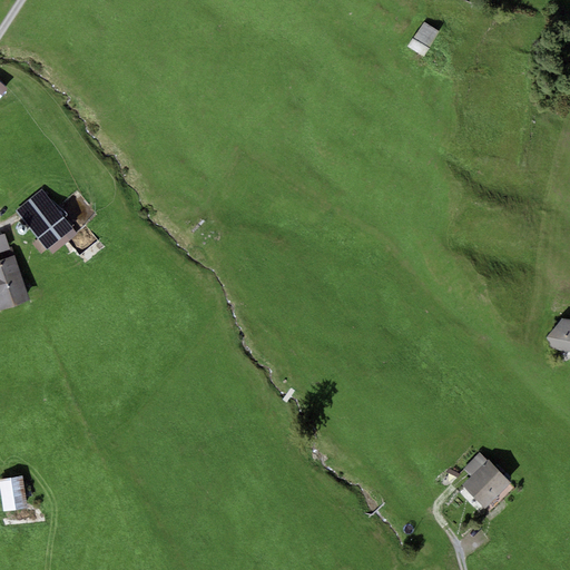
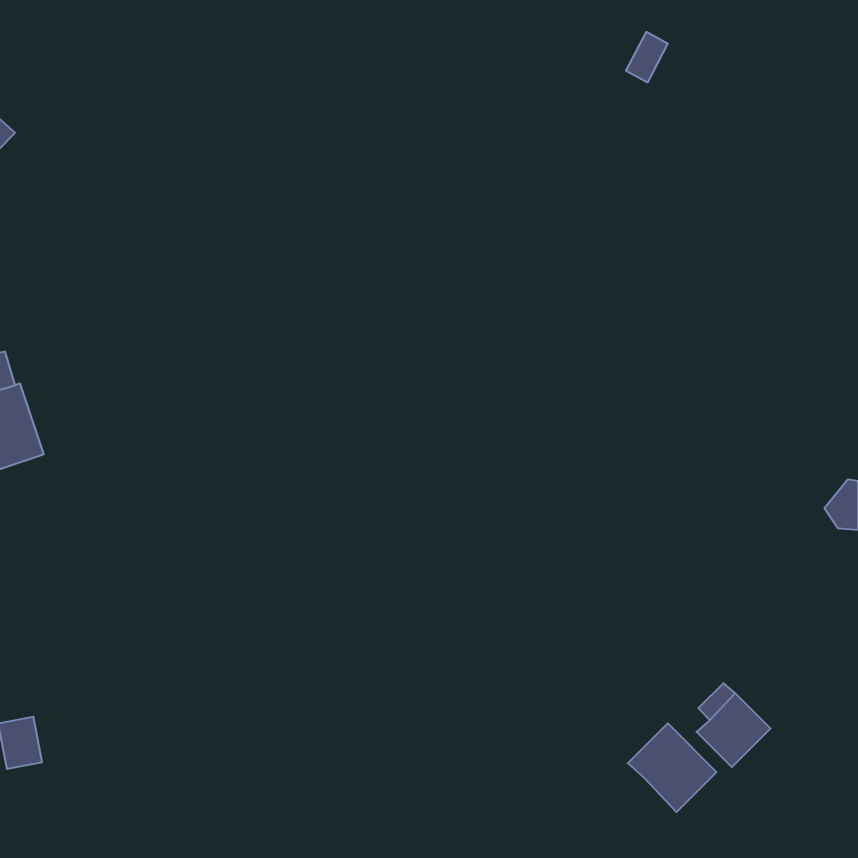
building: [16,188,77,253] -> none
building: none -> [628,723,716,812]

